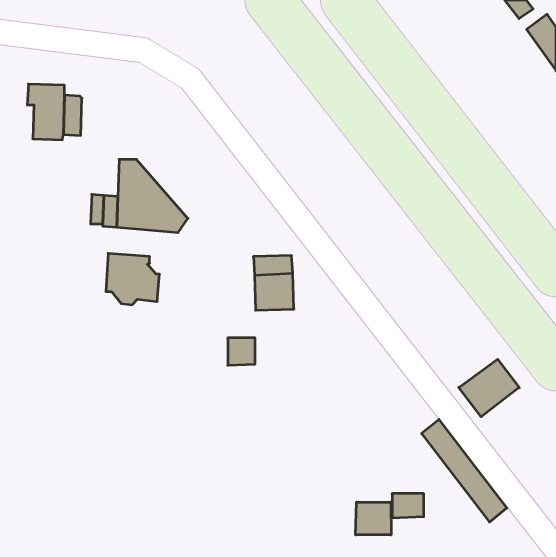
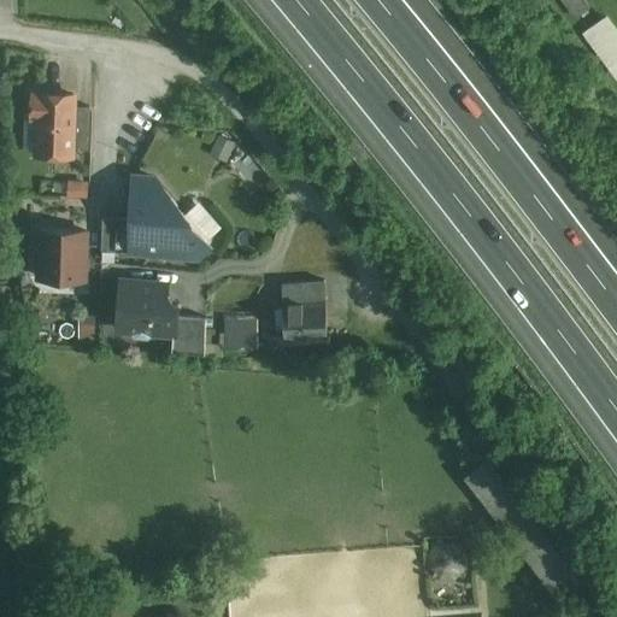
building: none -> [37,230,83,280]
building: none -> [170,316,204,354]
building: [228,338,255,365] -> [224,319,254,349]
building: [459,359,519,417] -> none
building: [356,502,391,535] -> none

